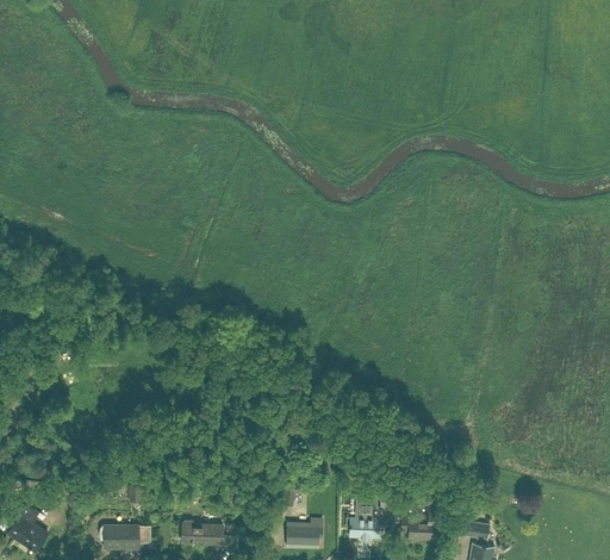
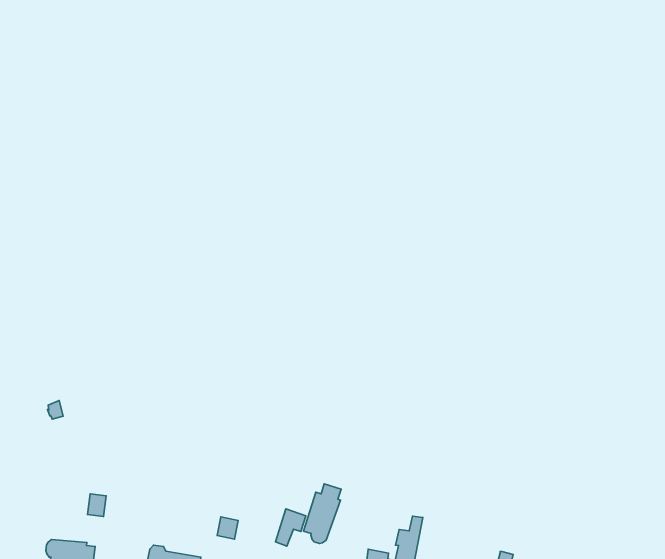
building: none -> [303,484,341,544]

